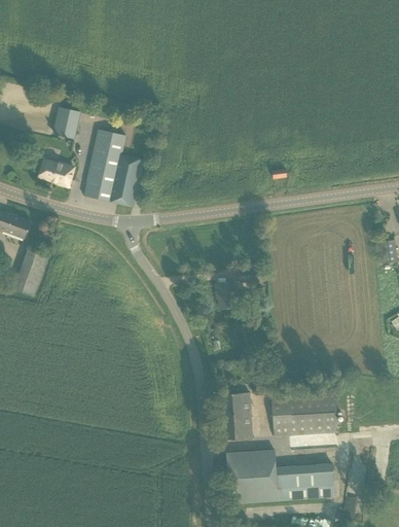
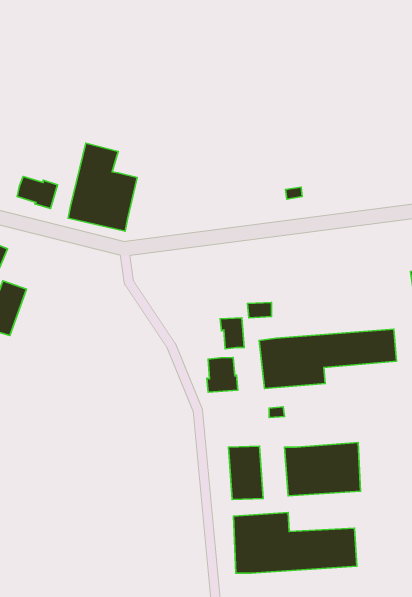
building: [51,106,79,138] -> none
building: none -> [259,329,396,389]
building: none -> [207,357,238,392]

